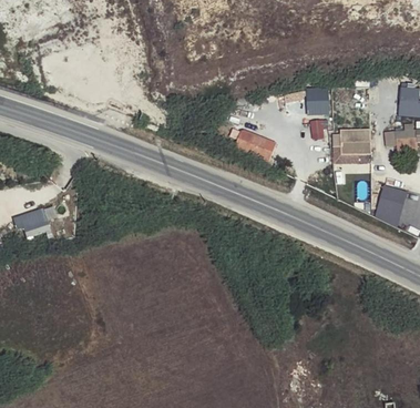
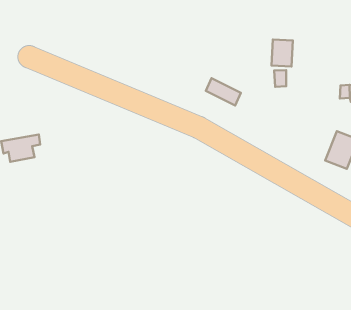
building: [334,135,372,165] -> none

